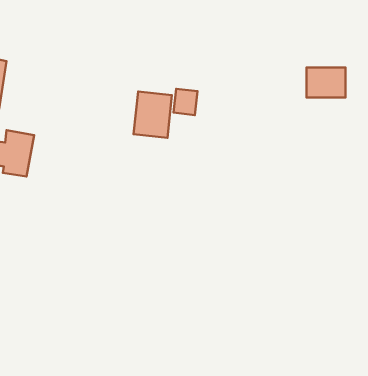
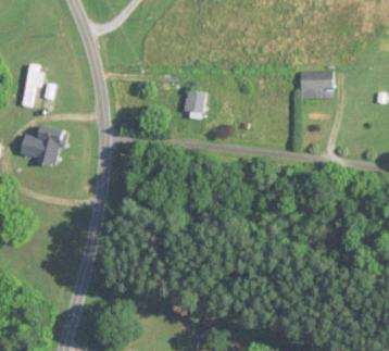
building: [134,91,172,138] -> none

